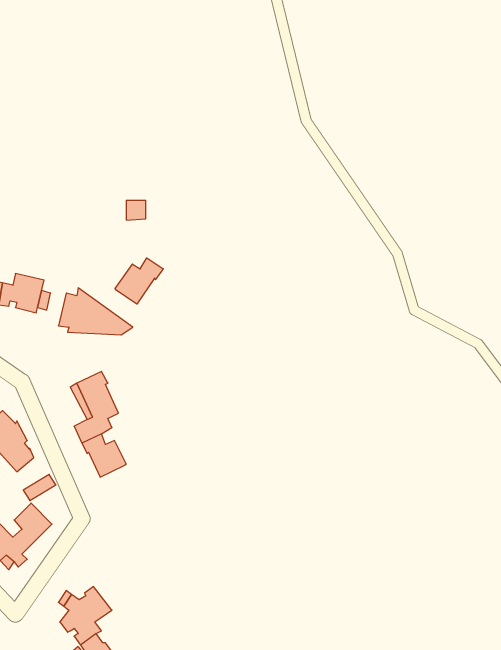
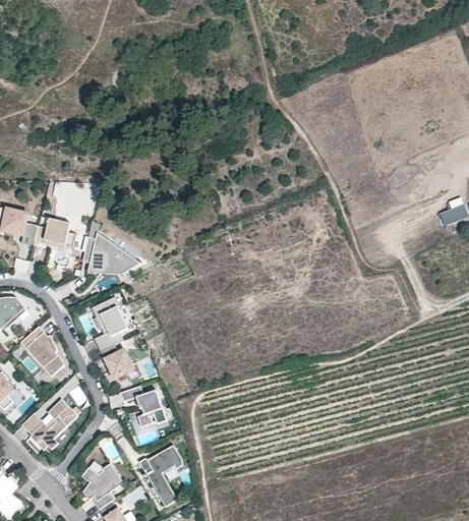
building: [115,258,163,304] -> none
building: none -> [119,386,167,427]
building: none -> [137,445,181,507]

